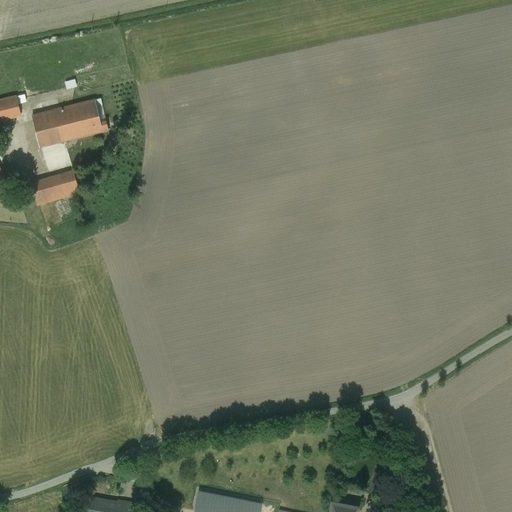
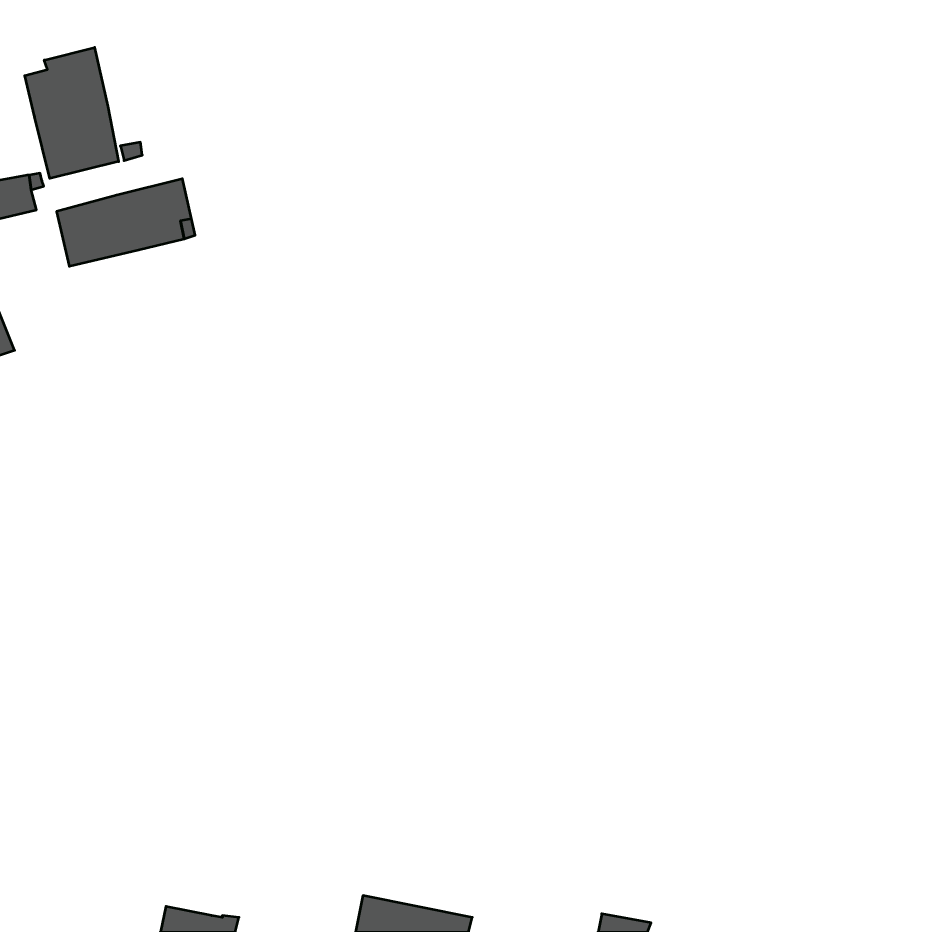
building: none -> [25,47,119,178]
building: [30,170,78,204] -> none

